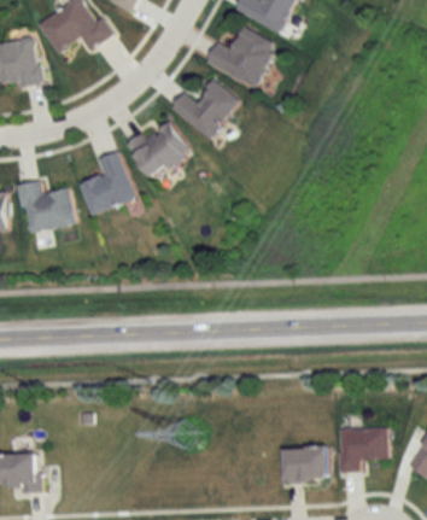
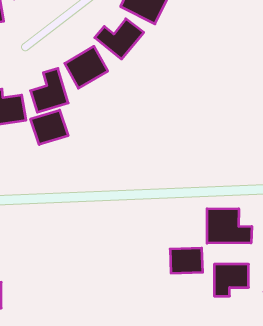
building: none -> [31,110,68,145]
building: none -> [207,209,252,243]
building: [280,445,326,480] -> [170,248,203,273]

